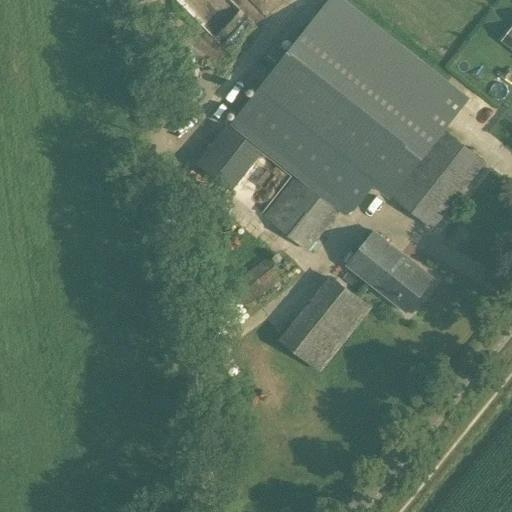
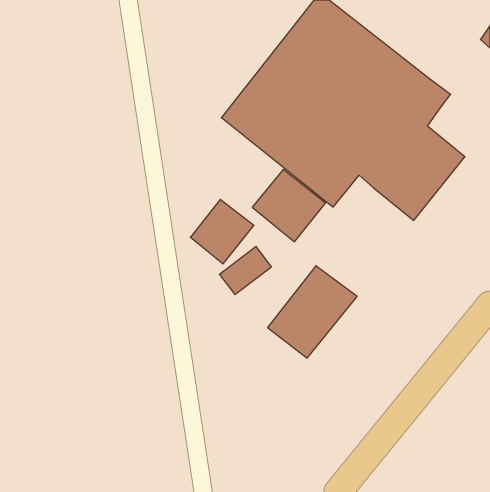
building: [196,124,262,191] -> [190,199,254,264]
building: [346,233,430,312] -> none

